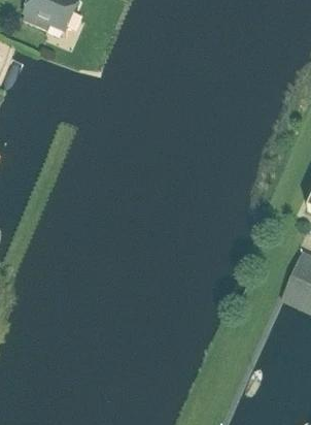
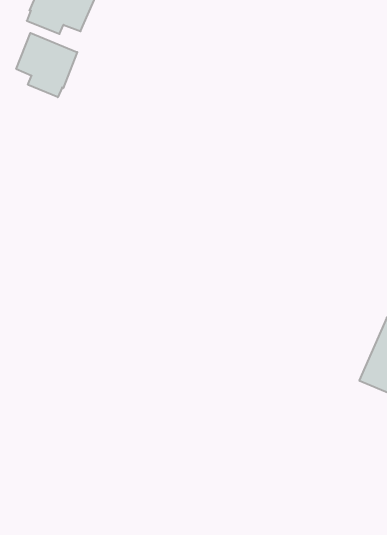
building: none -> [16,33,77,97]

